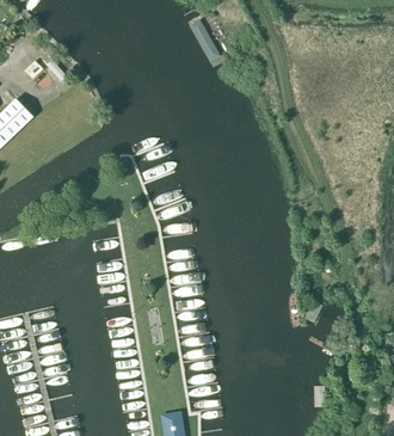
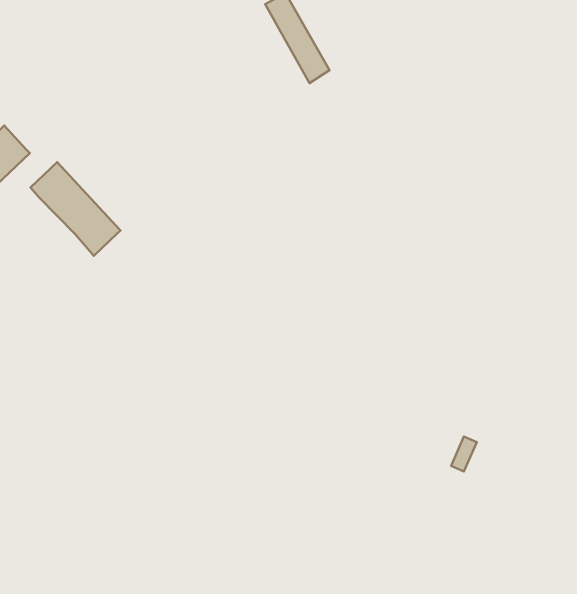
building: none -> [30,162,121,256]

